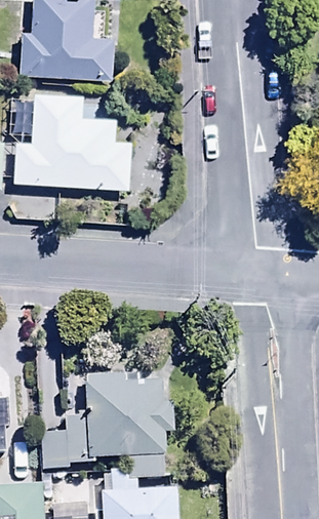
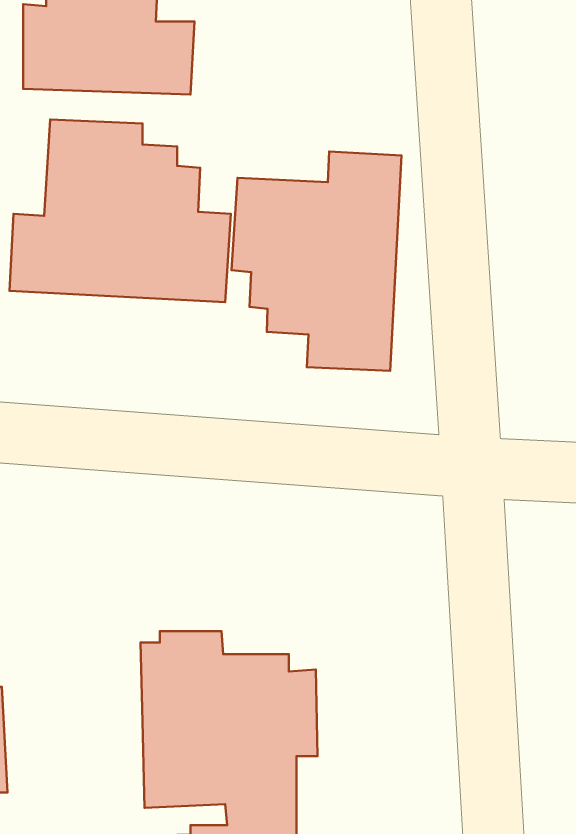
building: none -> [231,151,402,371]
building: [40,414,86,467] -> none

